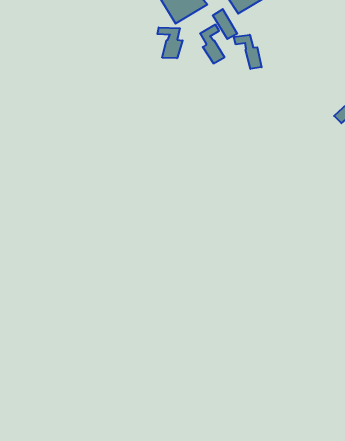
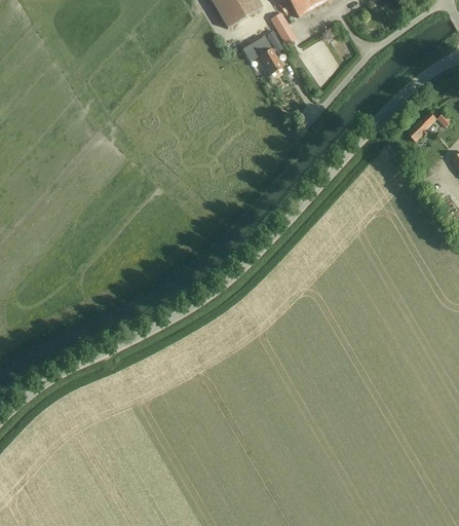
building: [157,27,183,58] -> none
building: [234,35,262,69] -> none

